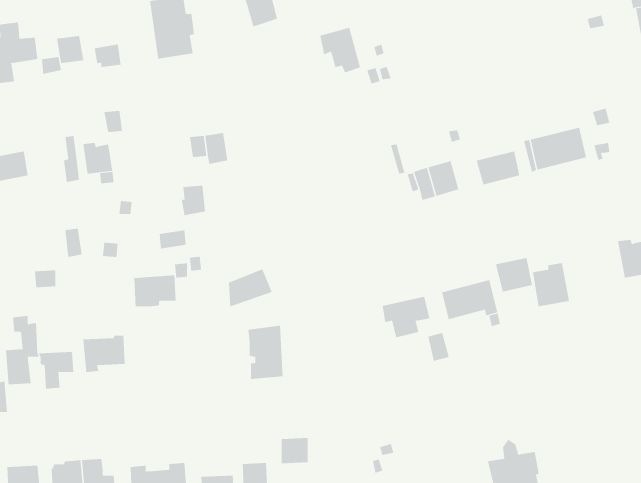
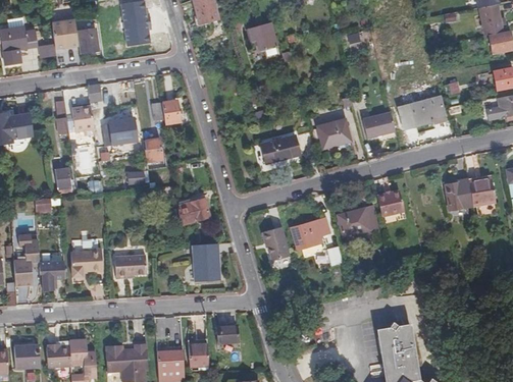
building: none -> [103,116,138,144]
building: none -> [260,134,299,164]
building: [532,262,570,307] -> [444,177,471,210]
building: [134,275,176,307] -> [117,254,149,277]
building: none -> [263,224,291,259]

